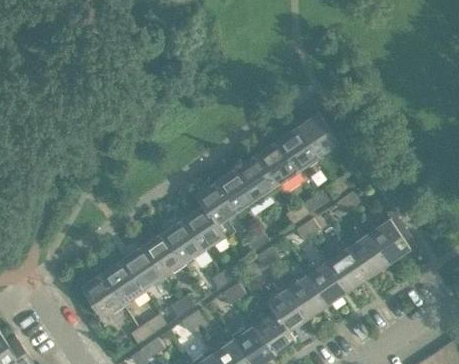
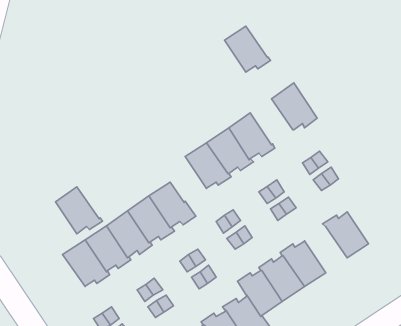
building: [277,128,320,171] -> [225,26,270,72]
building: [195,182,239,238] -> none
building: [366,219,410,264] -> none
building: [325,248,368,291] -> none
building: [81,274,125,318] -> [56,187,102,234]

